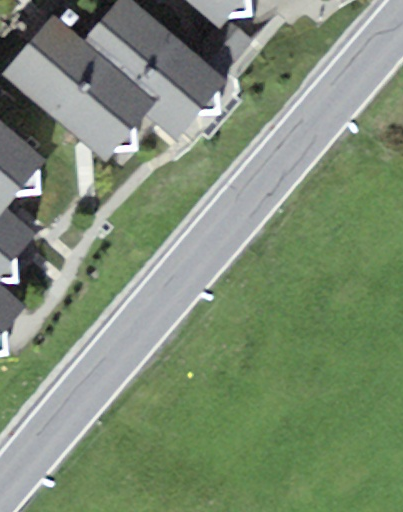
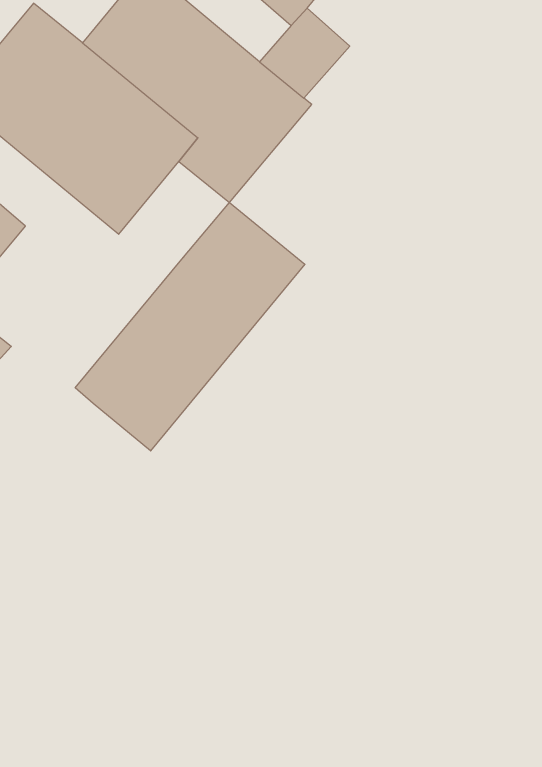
building: none -> [75,203,305,451]

